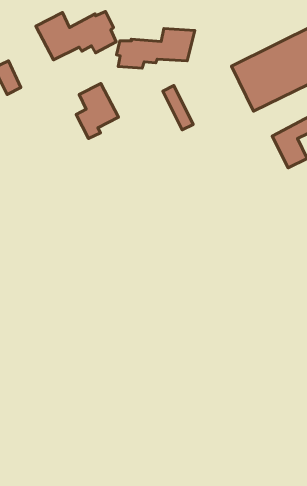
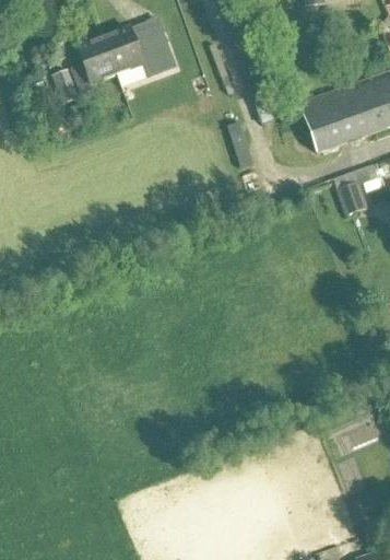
building: [116,28,195,68] -> none
building: [76,83,119,138] -> [71,37,115,93]

